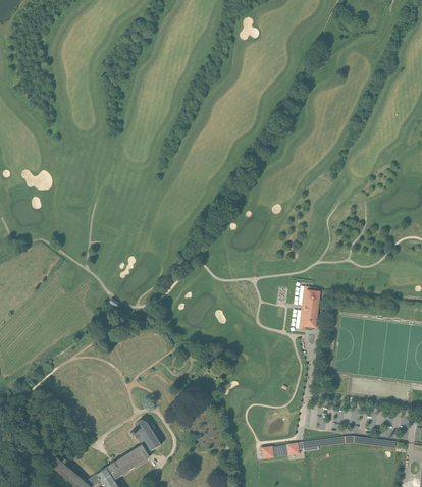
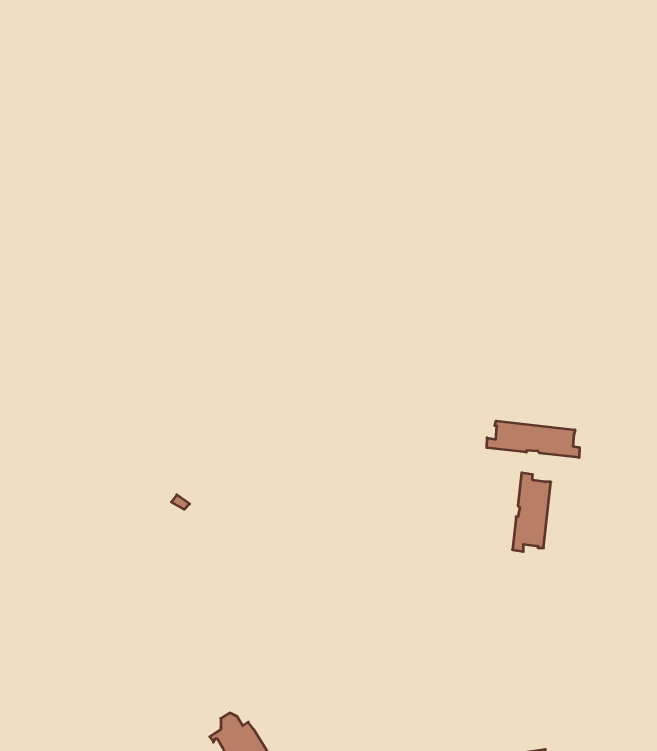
building: none -> [487,421,579,458]

